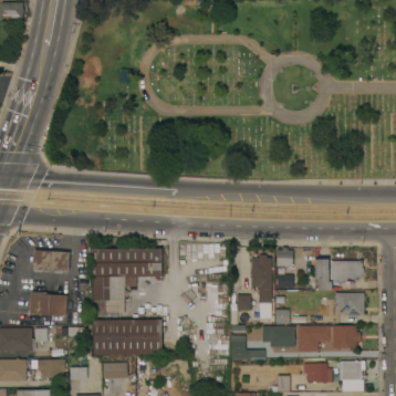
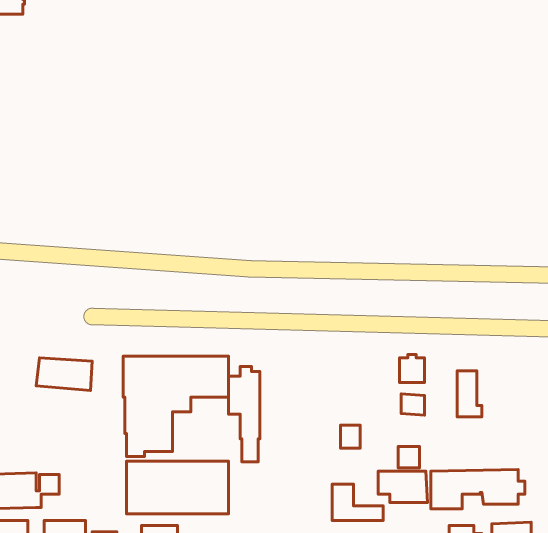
building: [251,254,272,319] -> [229,366,260,462]
building: [330,261,364,281] -> none
building: [30,292,67,316] -> none
building: [335,293,364,315] -> none

